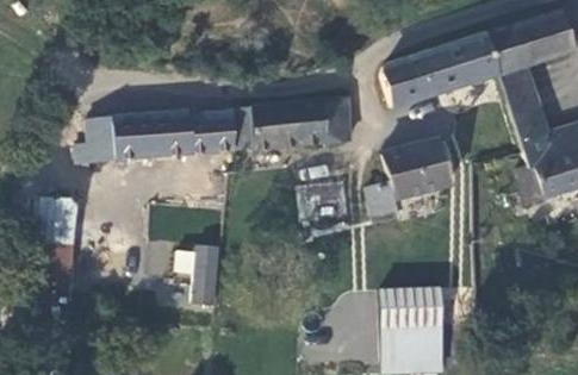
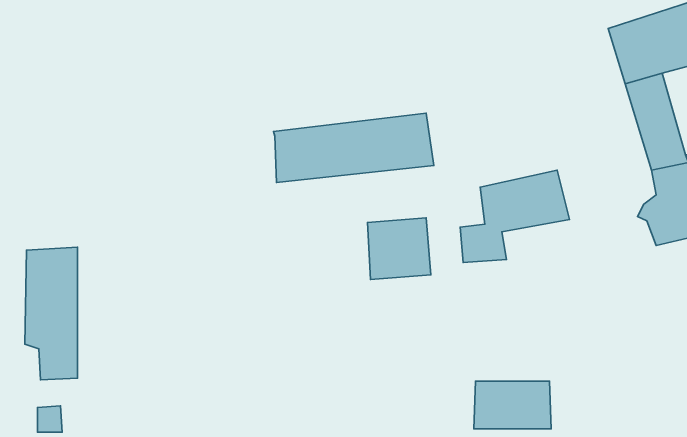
building: [387,30,499,105] -> none
building: [74,111,230,173] -> none
building: [176,242,222,300] -> none

